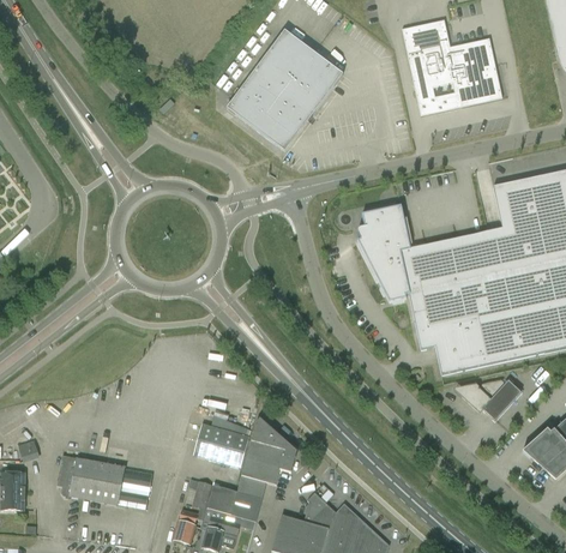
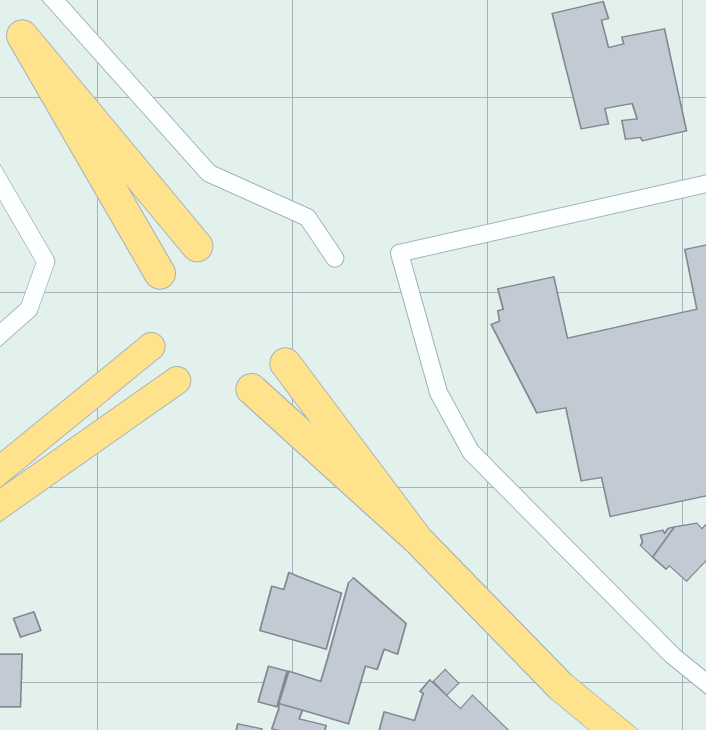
building: [228,30,344,152] -> none
building: [58,456,153,510] -> none

